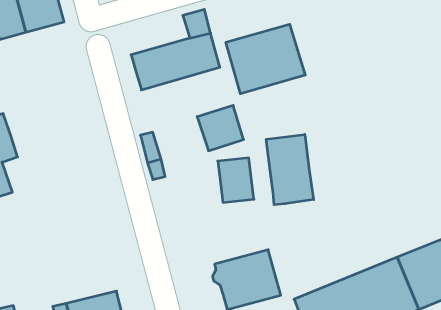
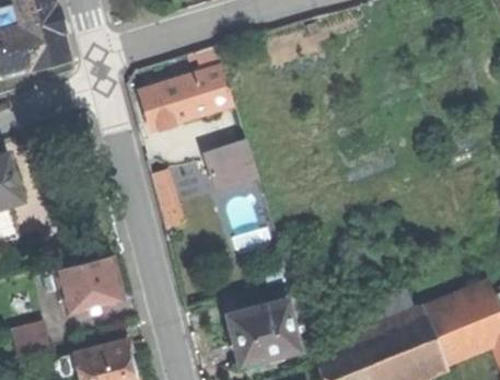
building: [226,24,305,94] -> none
building: [266,134,314,205] -> none
building: none -> [40,256,121,314]
building: none -> [14,320,53,350]

